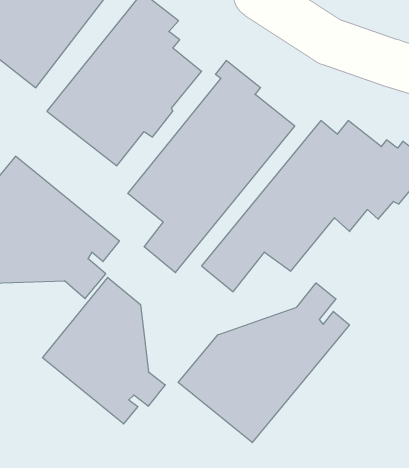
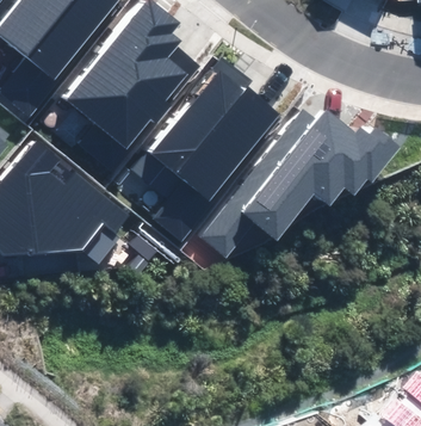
building: [43,277,165,424] -> none
building: [178,283,349,443] -> none

